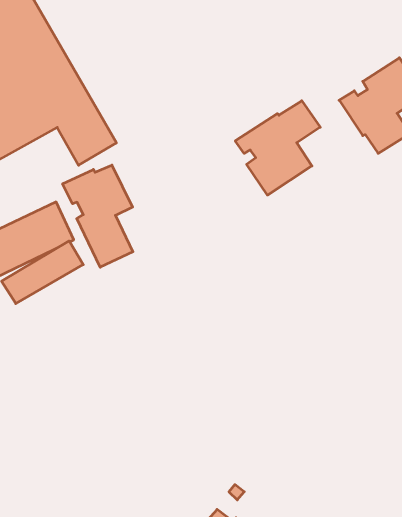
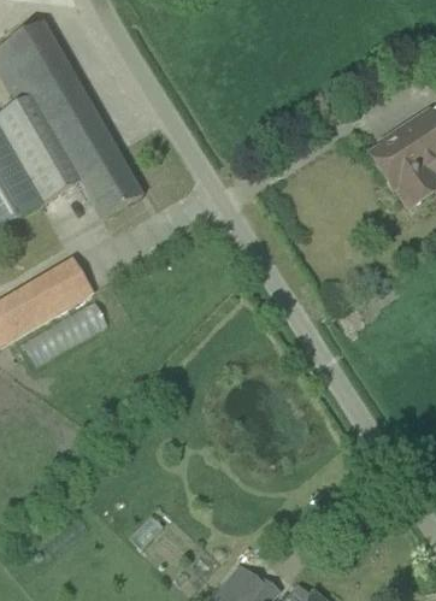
building: [235,101,320,195] -> none
building: [63,165,133,267] -> none

